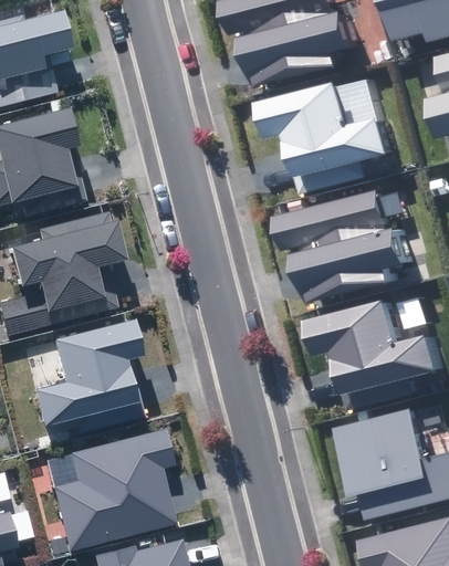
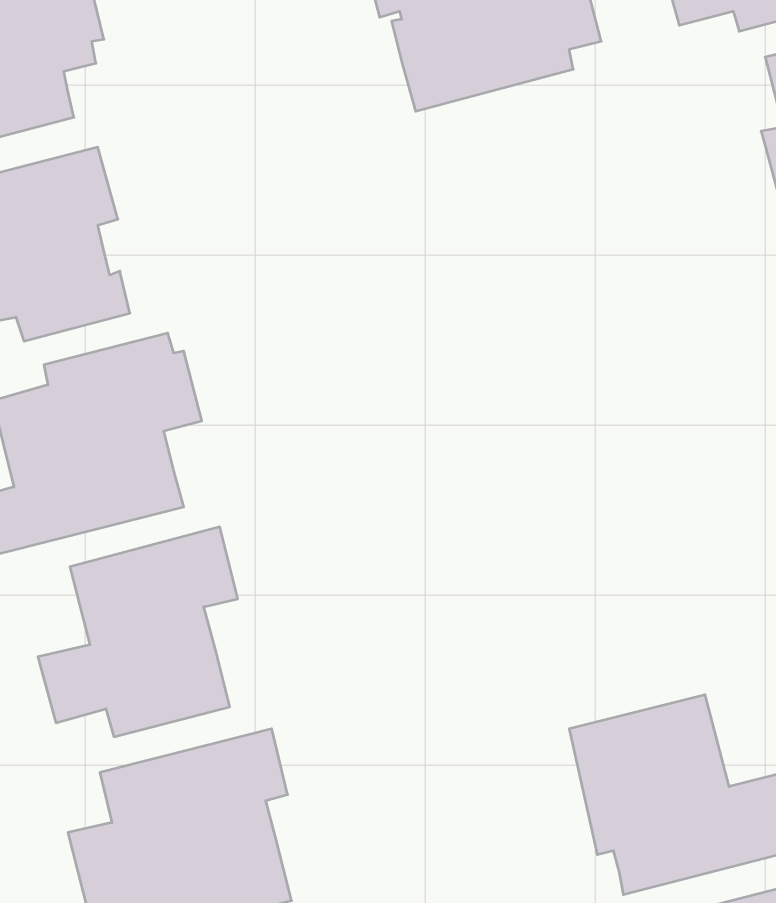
building: [251,80,383,193] -> none
building: [270,191,399,302] -> none
building: [300,300,430,408] -> none

